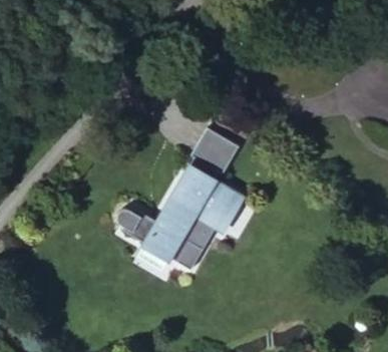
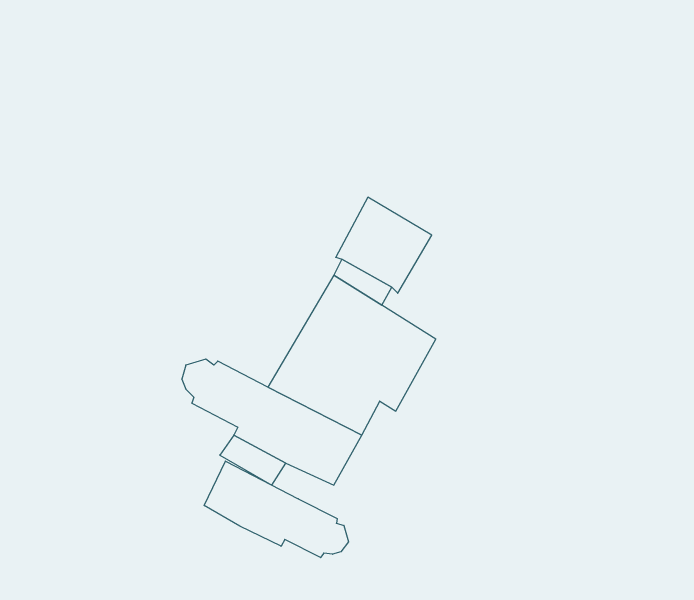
building: none -> [204,461,349,558]

